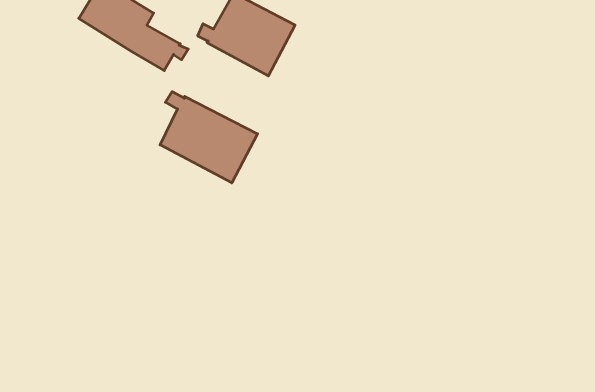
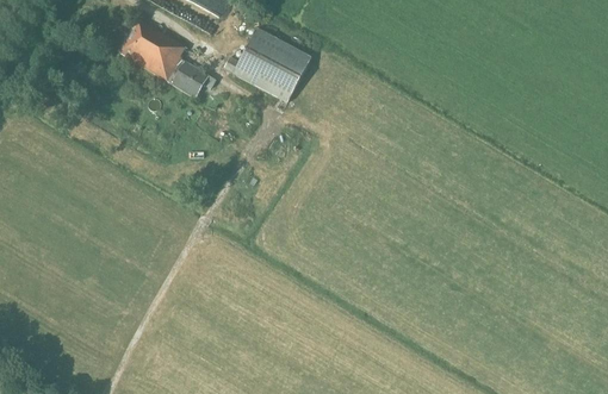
building: [160,92,258,183] -> none

